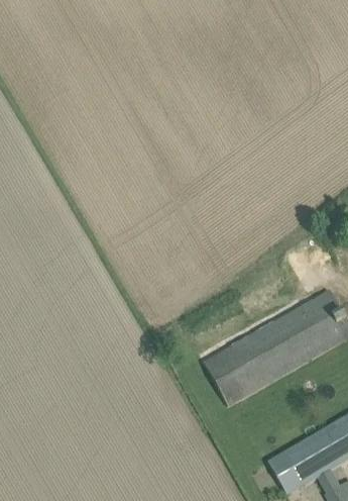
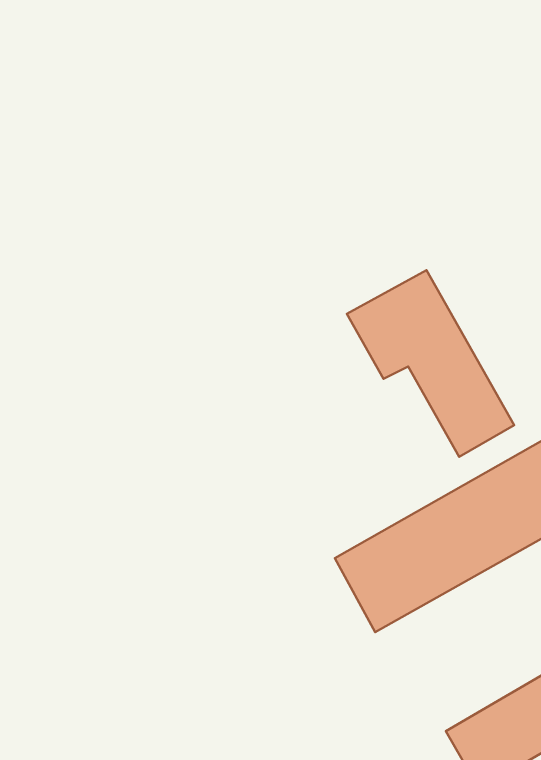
building: none -> [347,270,514,457]

